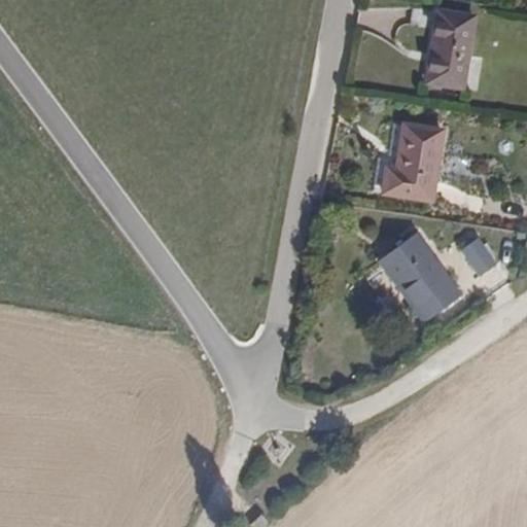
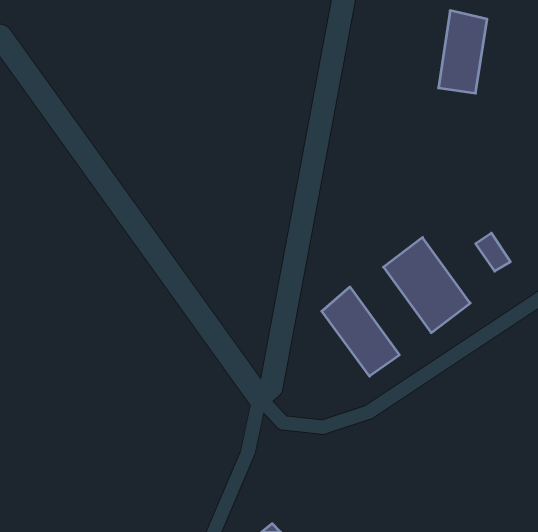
building: [384,125,444,198] -> none
building: none -> [322,287,399,376]

